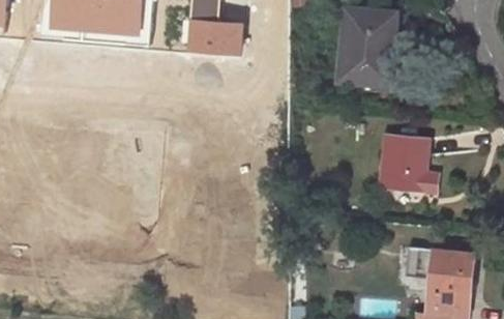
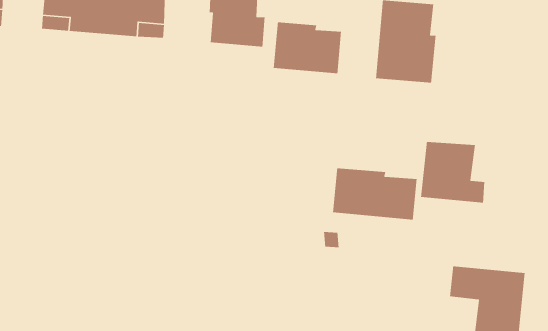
building: none -> [273,22,342,74]
building: none -> [332,167,417,220]

